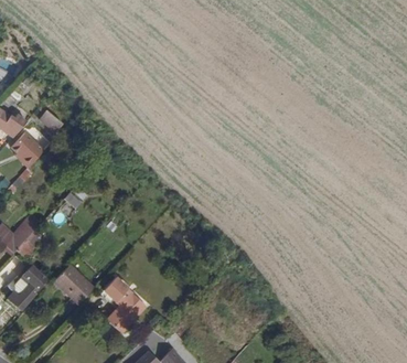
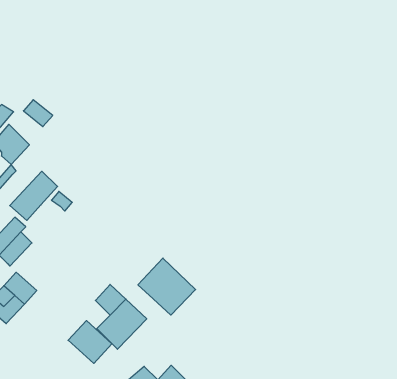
building: none -> [10,171,58,220]
building: none -> [138,258,196,315]
building: [53,265,93,303] -> [68,321,112,363]

